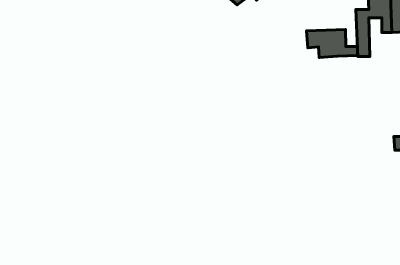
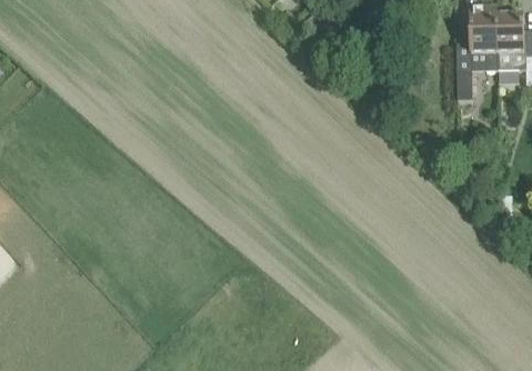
building: [306,30,357,57] -> none

